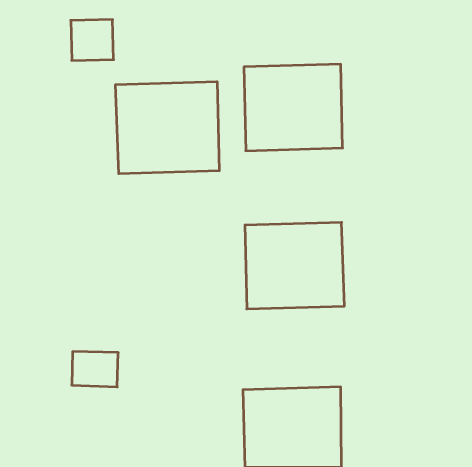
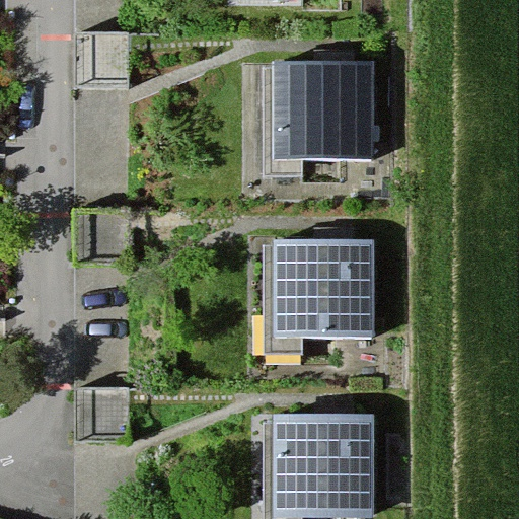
building: [116,82,219,174] -> none

